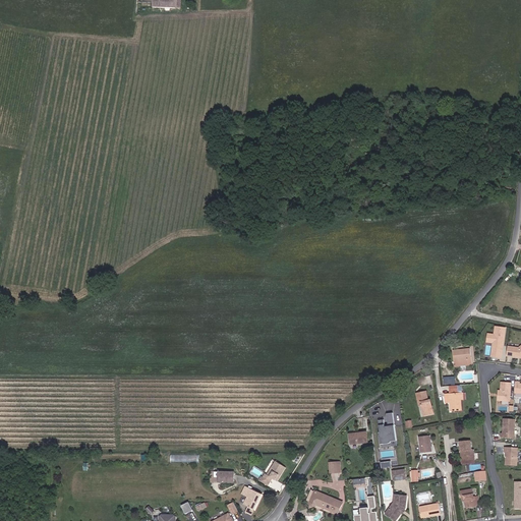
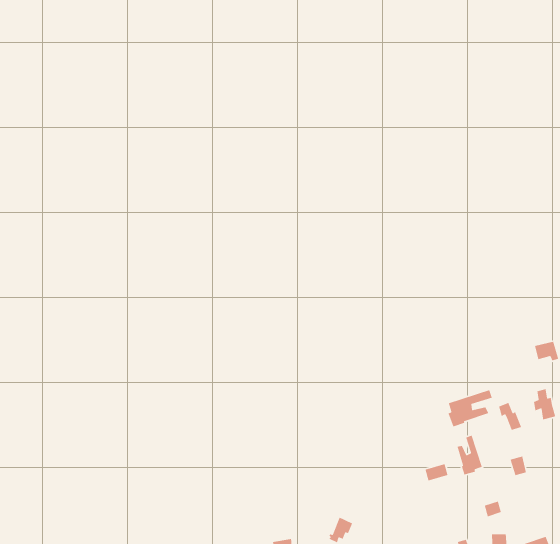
building: none -> [448,389,493,428]

